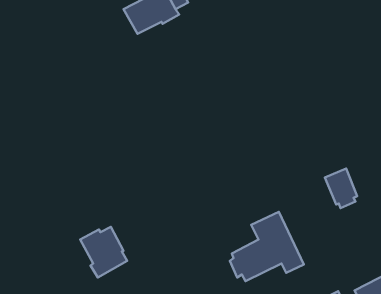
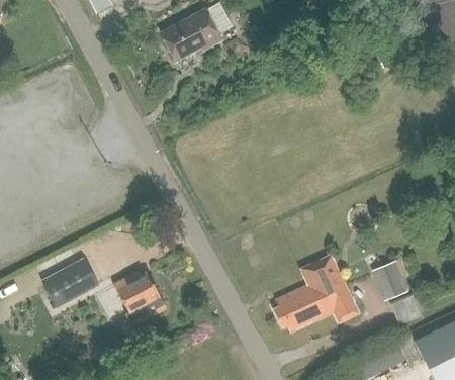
building: [325,168,357,208] -> [370,260,405,303]
building: none -> [41,261,92,307]

